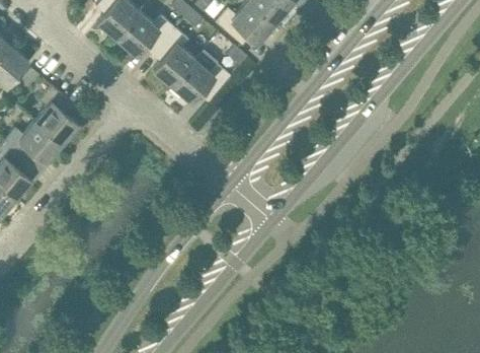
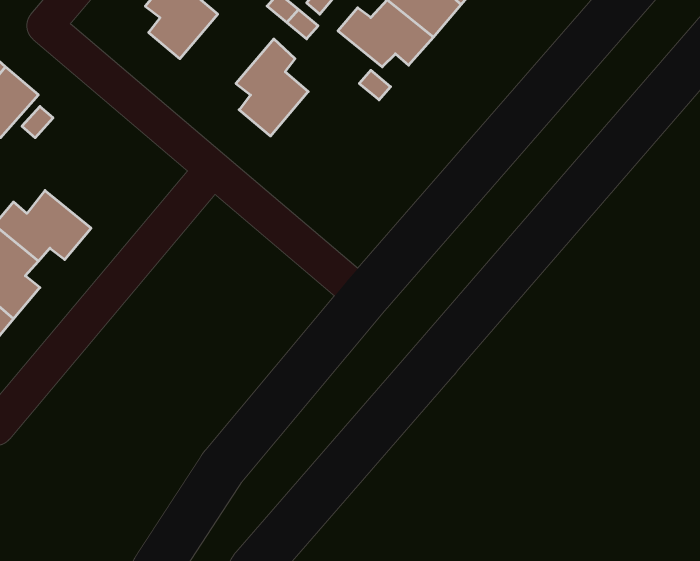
building: [117,12,175,56] -> none
building: [173,51,231,103] -> none
building: [34,86,79,144] -> none

